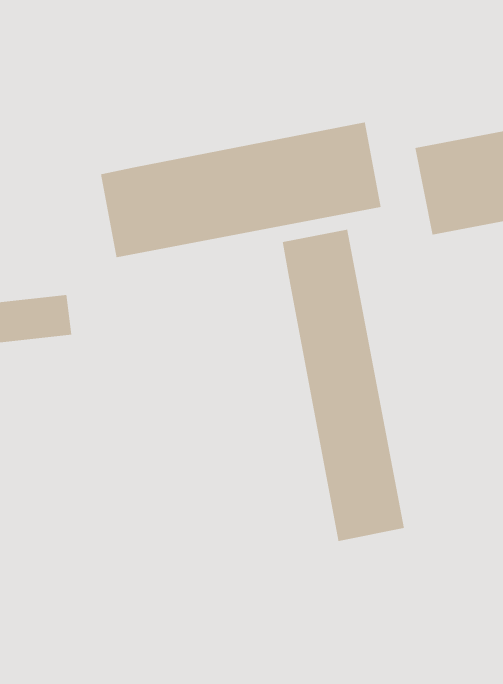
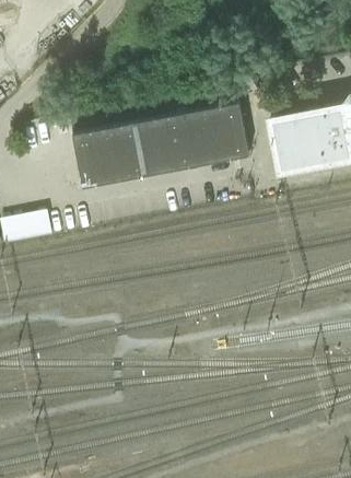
building: [282,229,405,542] -> none

